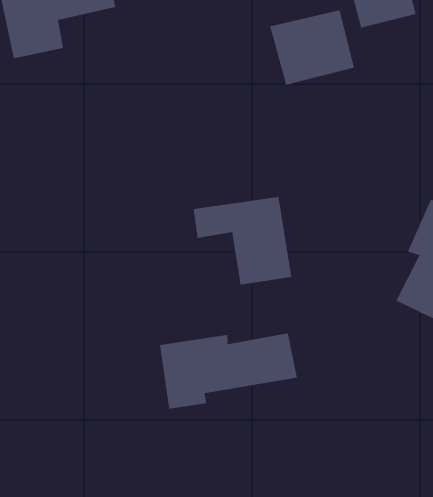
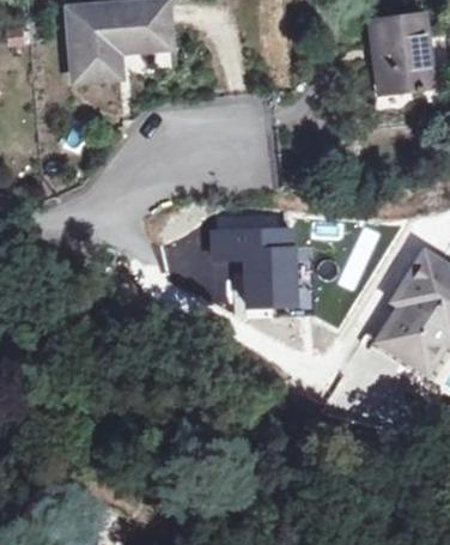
building: [270,10,355,85] -> none
building: [159,332,297,409] -> none

